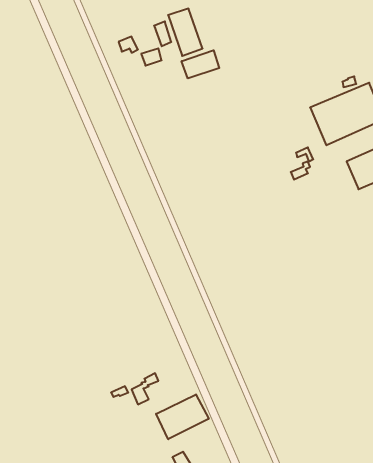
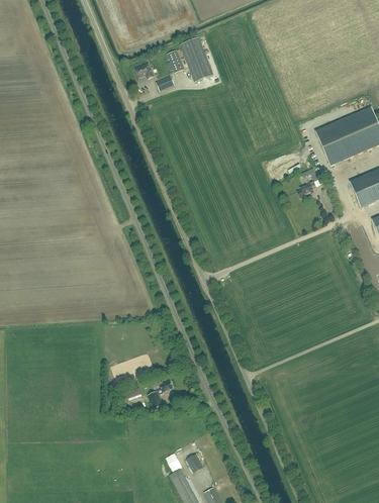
building: [182,50,219,78] -> none
building: [156,394,209,439] -> none

